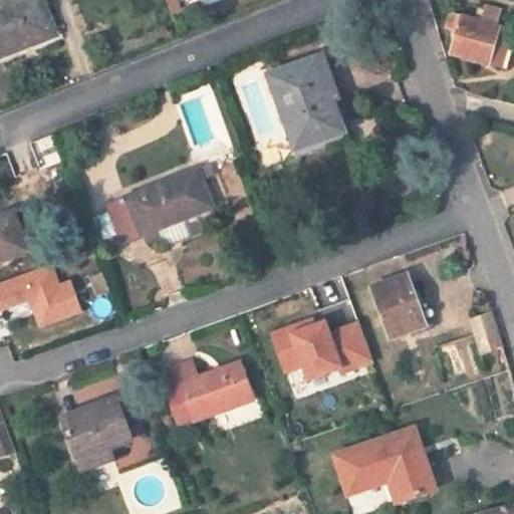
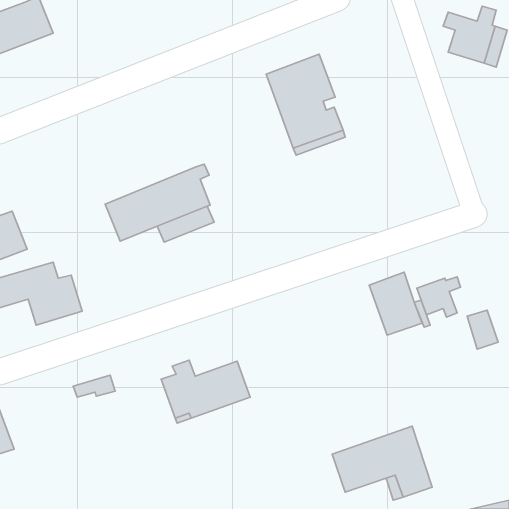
building: none -> [417,277,461,317]
building: [269,313,372,379] -> none
building: [60,398,131,469] -> none

